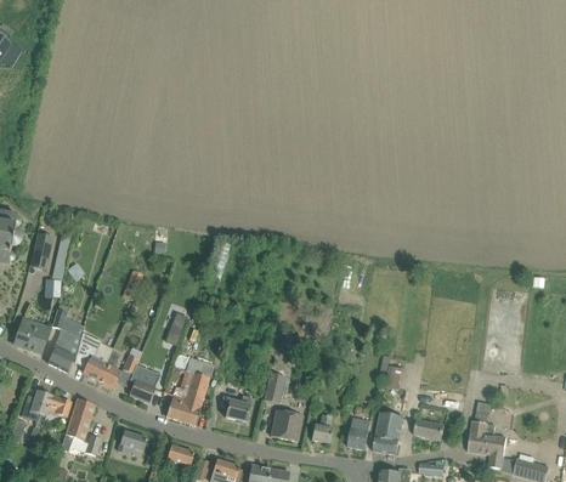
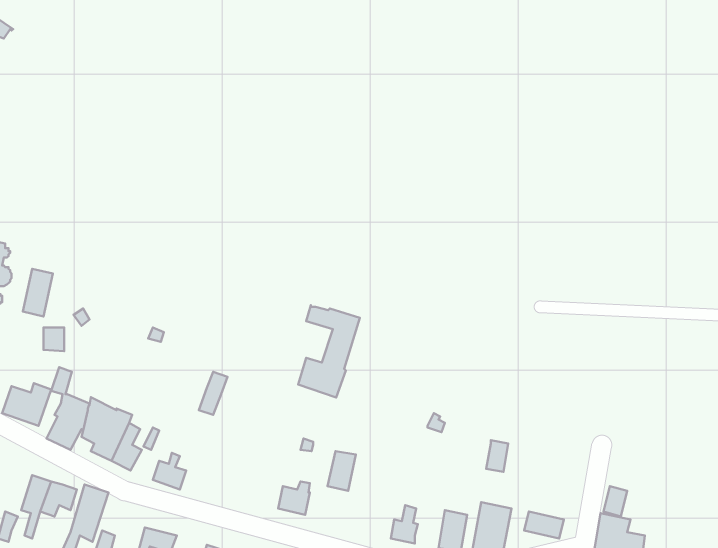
building: [165,355,213,425] -> [298,305,360,397]
building: [270,409,302,441] -> none

